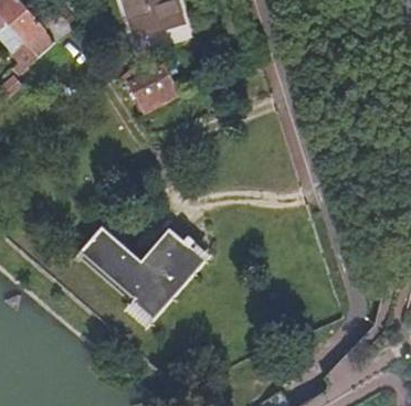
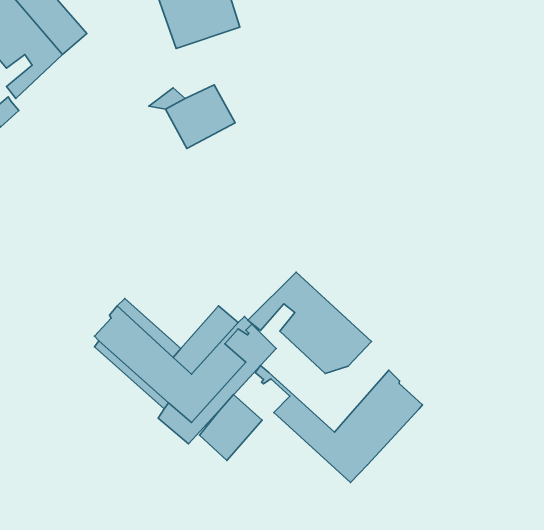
building: none -> [248,272,371,373]
building: none -> [255,365,422,483]
building: none -> [199,395,262,460]

